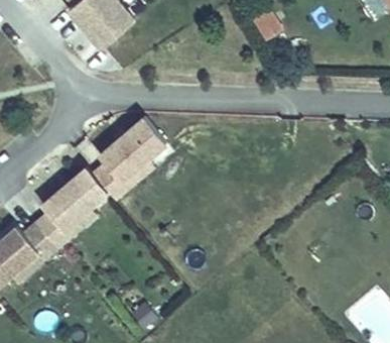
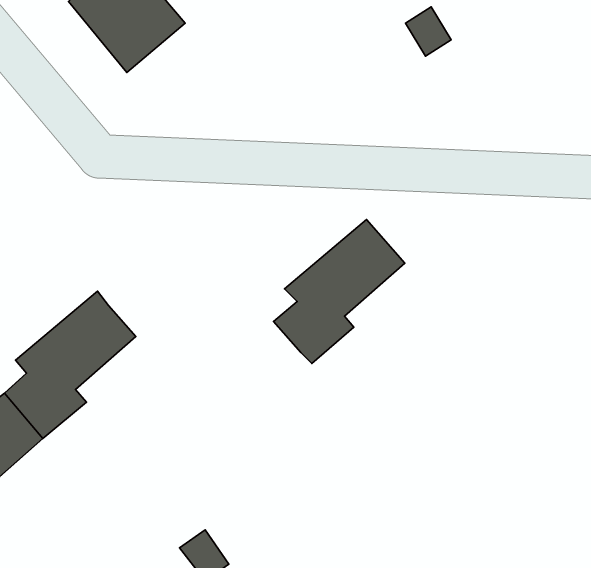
building: [91,119,163,199] -> [274,220,405,364]

